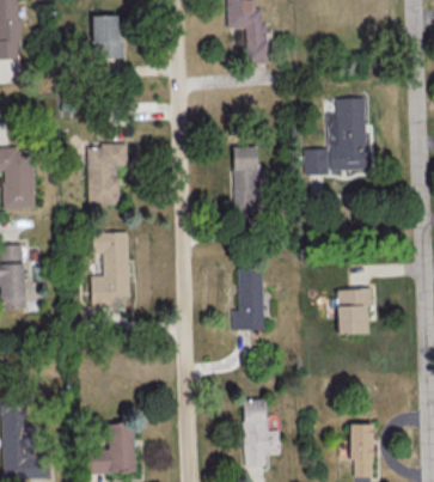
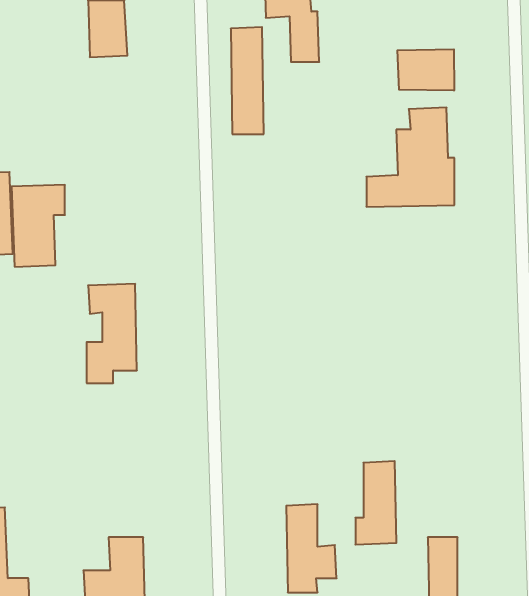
building: none -> [397,49,454,91]
building: [87,145,128,207] -> [11,185,65,267]
building: [234,147,259,228] -> [231,27,264,134]
building: [233,268,264,331] -> [355,461,396,545]
building: [338,289,373,335] -> none

